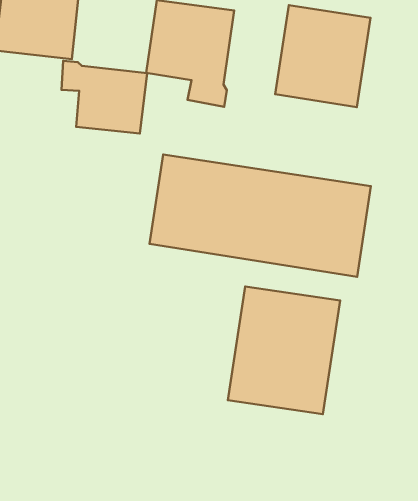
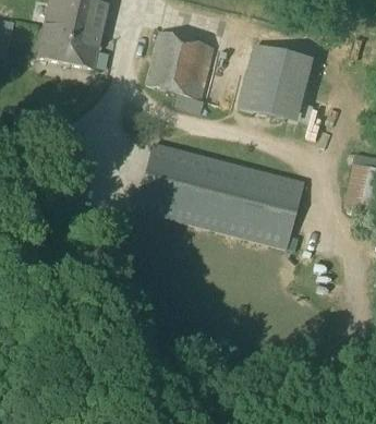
building: [61,61,147,133] -> none
building: [228,286,340,414] -> none

